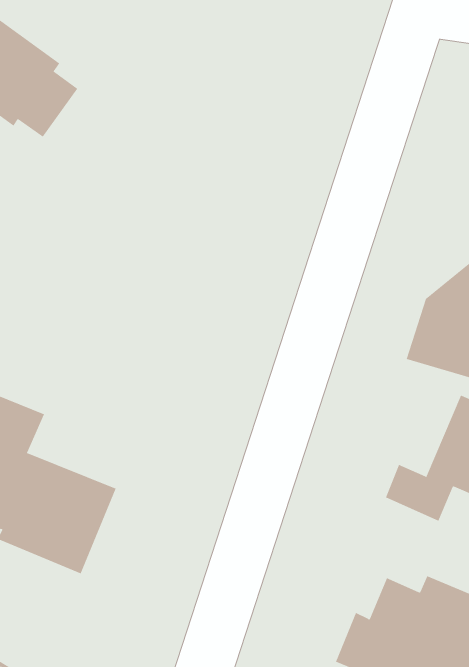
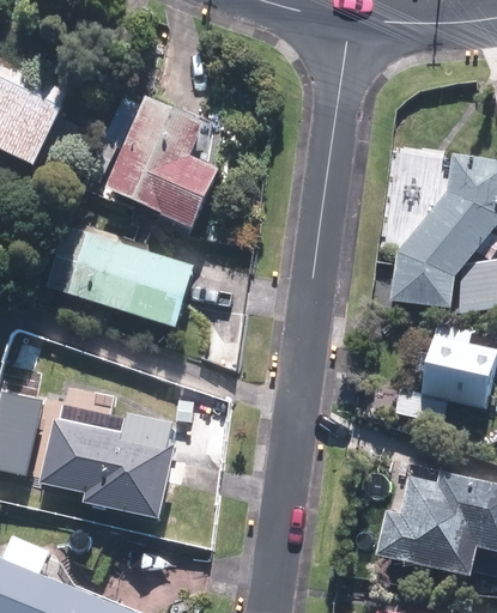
building: none -> [102,99,214,227]
building: none -> [57,231,207,324]

